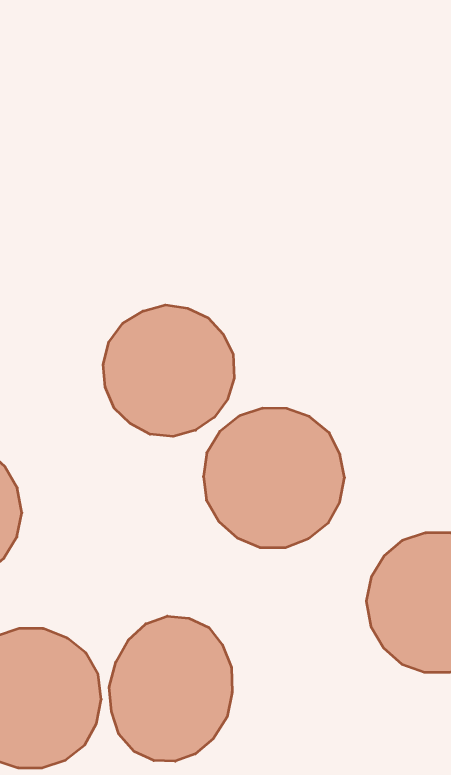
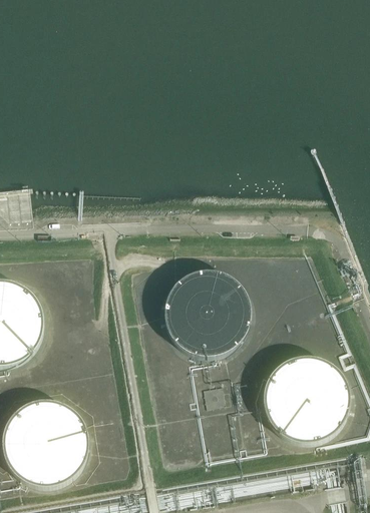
building: [103,305,234,436] -> none
building: [109,616,232,761] -> none

